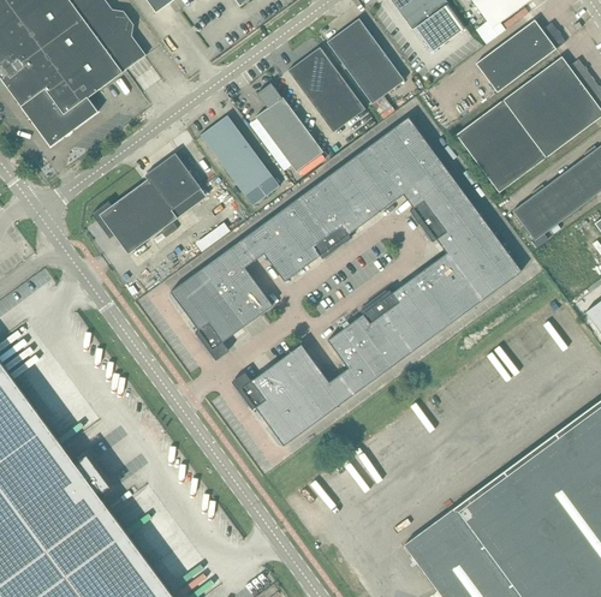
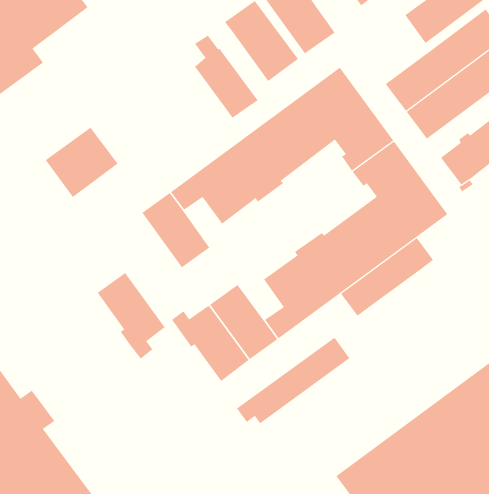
building: [201,114,279,205] -> none
building: [145,153,207,217] -> none
building: [171,269,243,360] -> [97,272,166,359]
building: none -> [340,237,434,316]
building: none -> [236,337,350,424]

